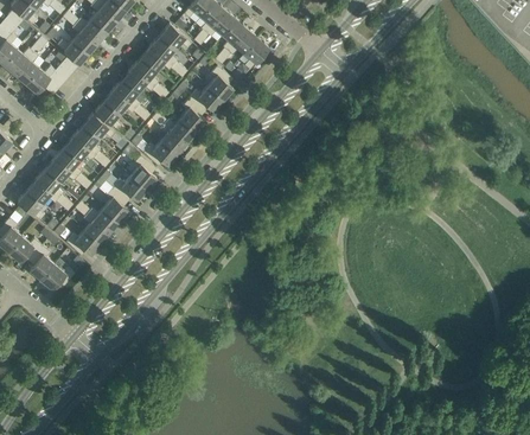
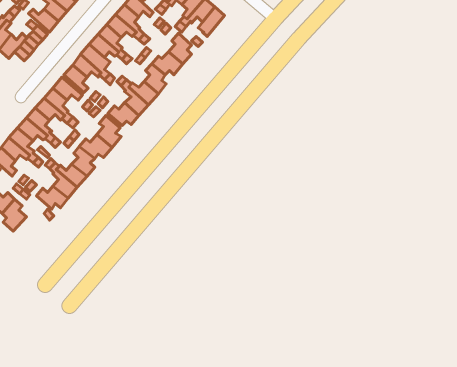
building: [39,258,74,289] -> none

